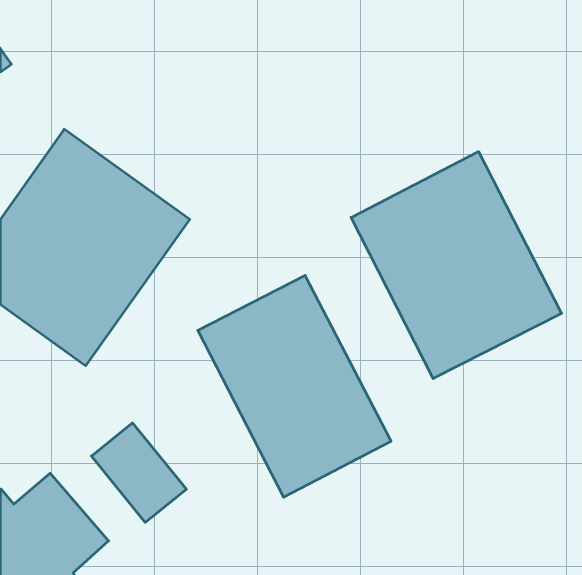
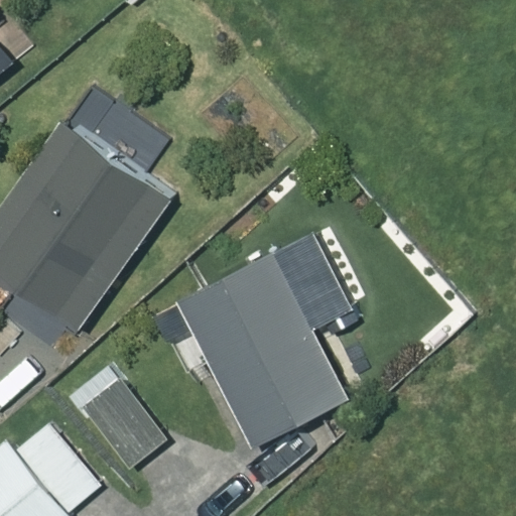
building: [351,152,562,379] -> none

